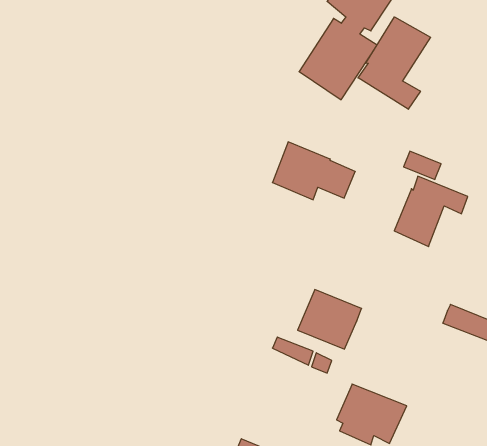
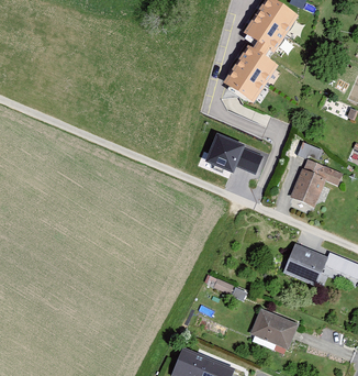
building: [358,17,431,109] -> none
building: [298,290,362,349] -> [282,242,327,284]

